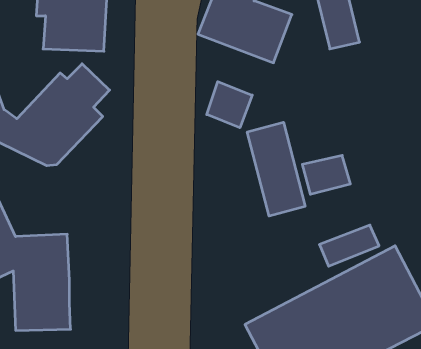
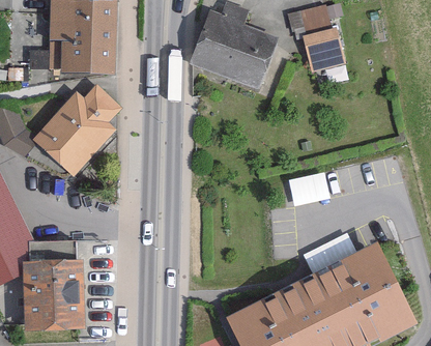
building: [207,82,252,128] -> none
building: [247,122,305,216] -> none

